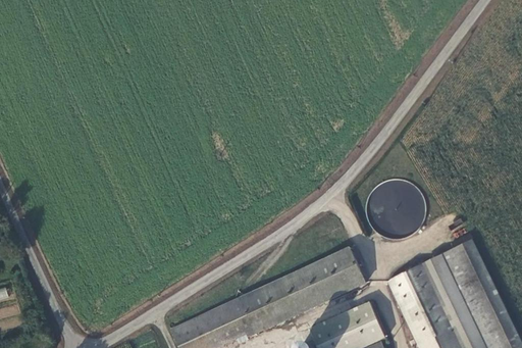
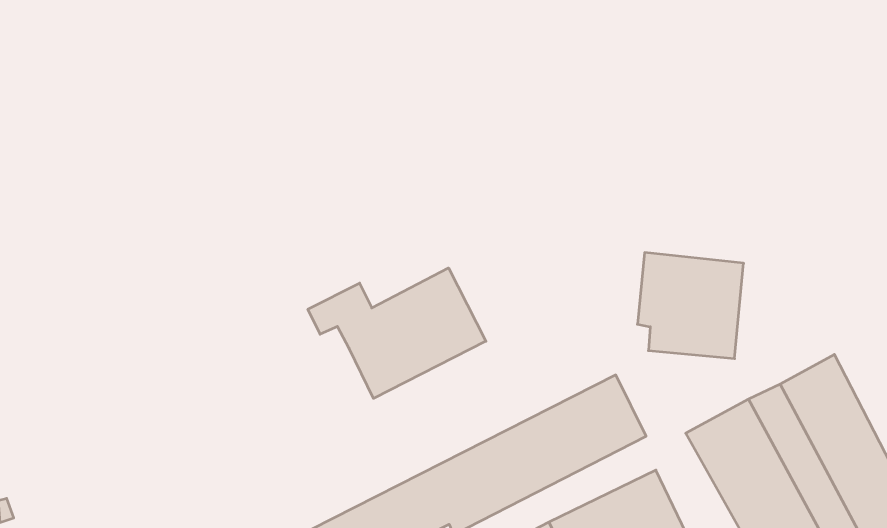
building: none -> [308,268,486,398]

